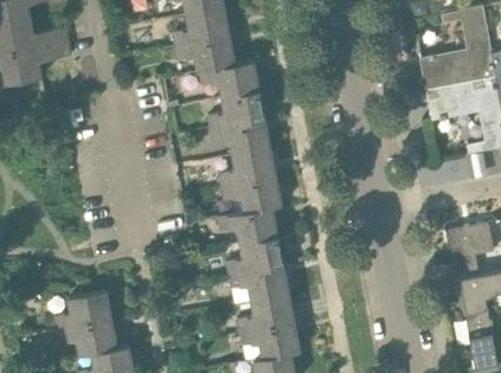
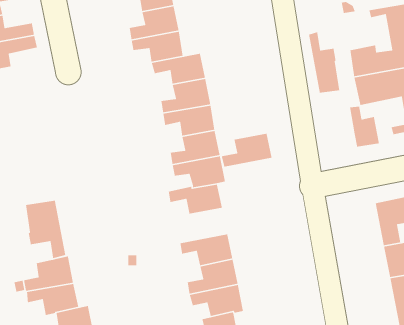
building: none -> [308,31,340,94]
building: none -> [349,106,380,148]
building: none -> [25,200,66,259]
building: [226,236,284,275] -> [221,133,272,168]

